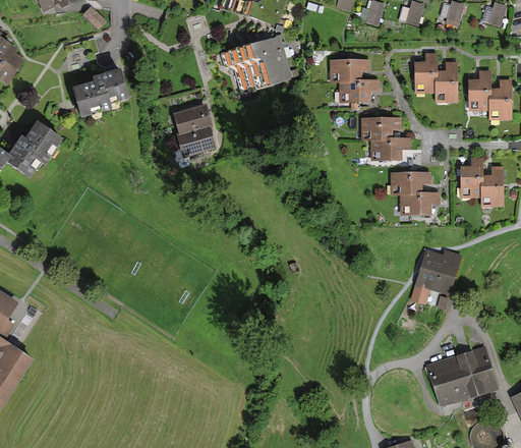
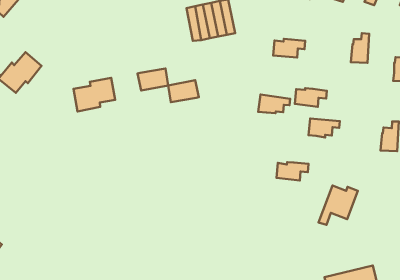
building: [415,54,437,92] -> none
building: [331,60,367,81] -> none
building: [74,69,126,114] -> [74,78,115,111]
building: [469,71,489,108] -> none
building: [174,106,213,135] -> [168,80,199,102]
building: [361,117,399,138] -> [258,94,290,113]
building: [461,159,482,197] -> none
building: [401,191,439,213] -> [277,162,309,181]

